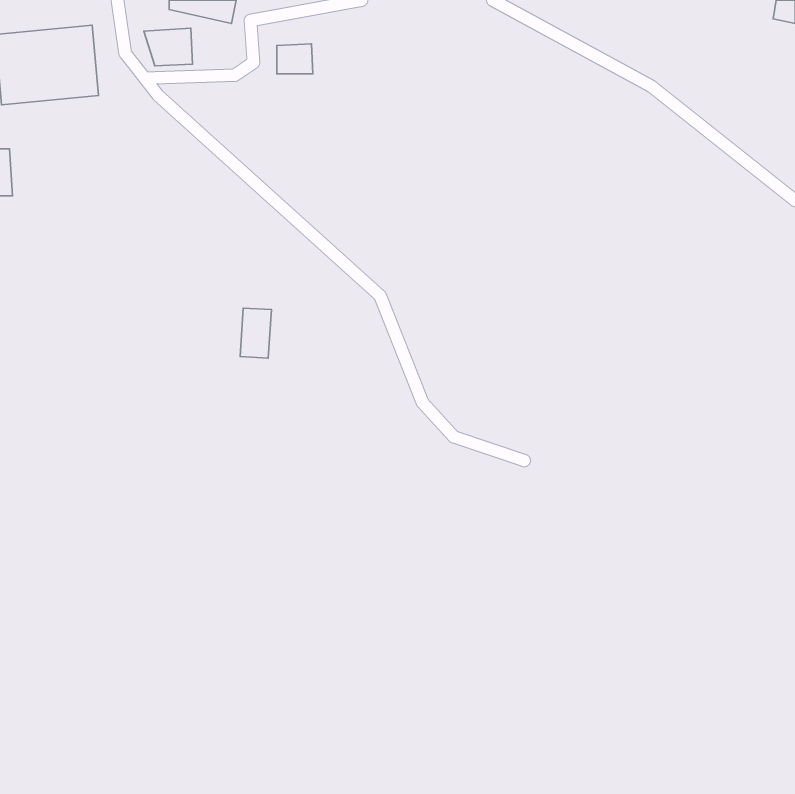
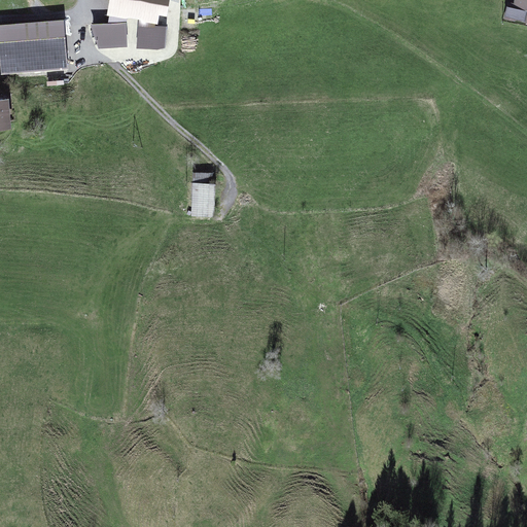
building: [277,44,313,74] -> [139,26,163,45]
building: [240,308,271,358] -> [194,182,214,215]

